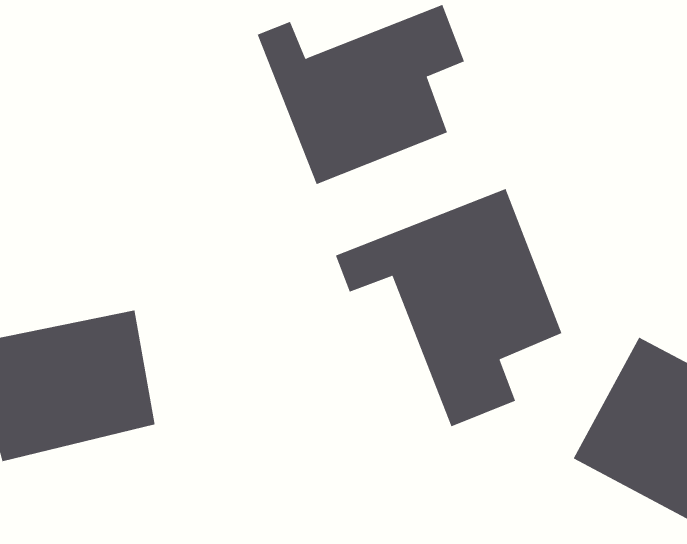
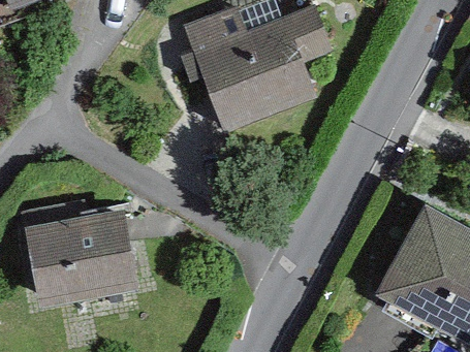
building: [335,188,562,427] -> none

